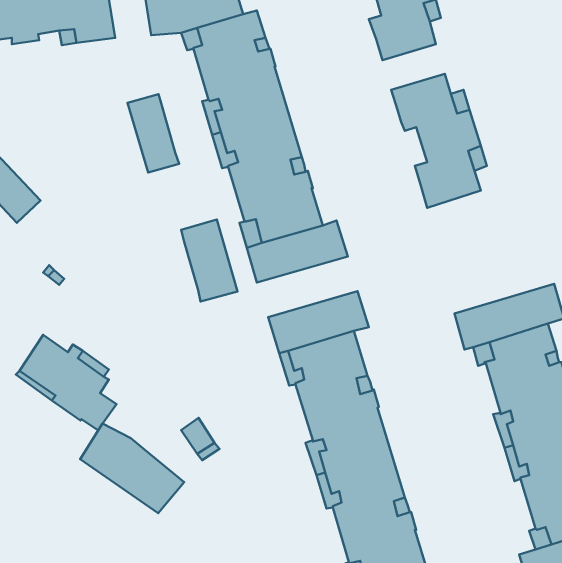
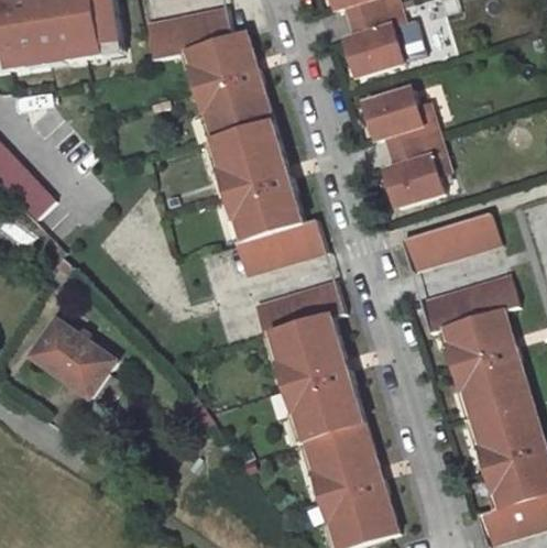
building: [128,94,179,173] -> none
building: none -> [401,212,499,271]
building: [181,219,238,302] -> none
building: [80,424,184,513] -> none

